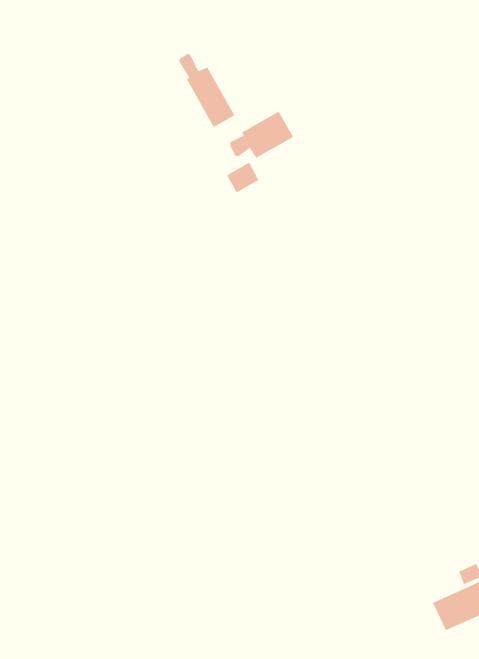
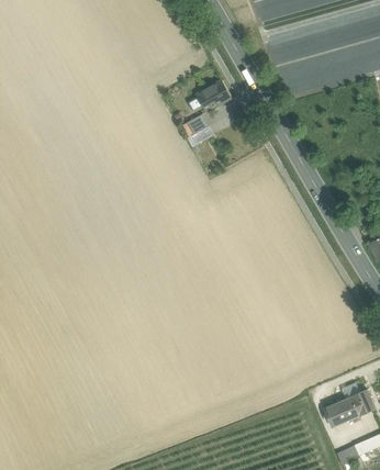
building: [179,53,235,128] -> none

